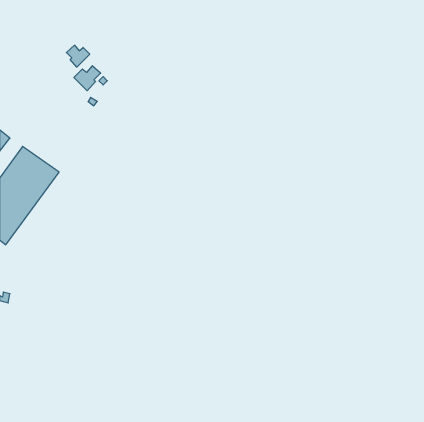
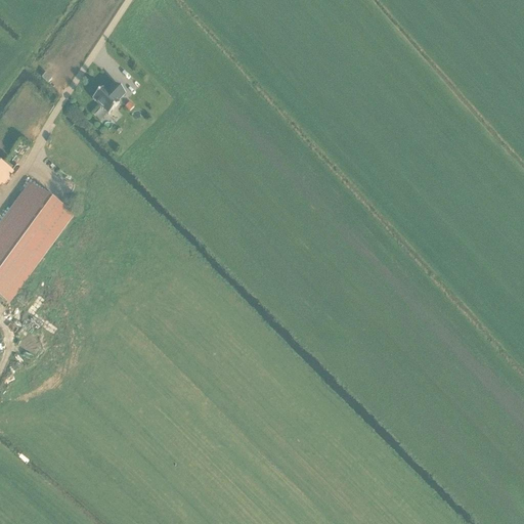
building: [66,45,90,67] -> none

